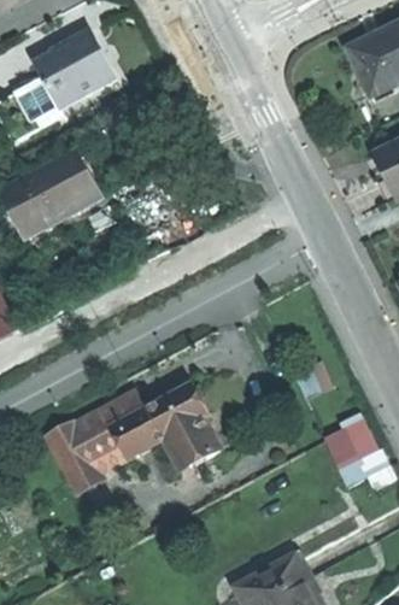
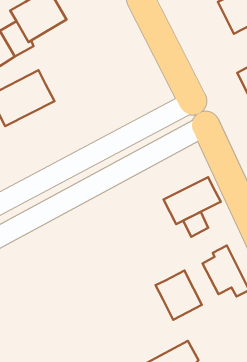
building: none -> [163,177,221,224]
building: [49,381,219,491] -> none
building: none -> [156,270,202,320]

